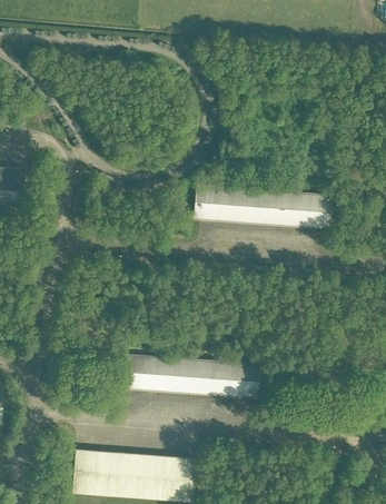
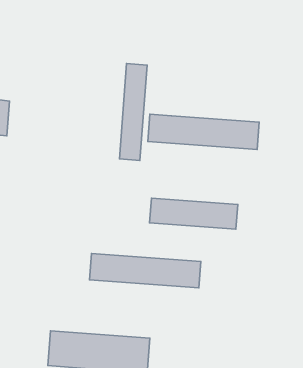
building: none -> [120,64,147,160]
building: none -> [150,198,238,229]

